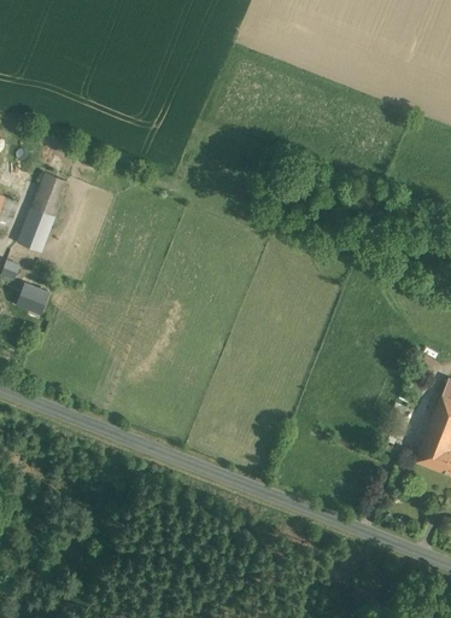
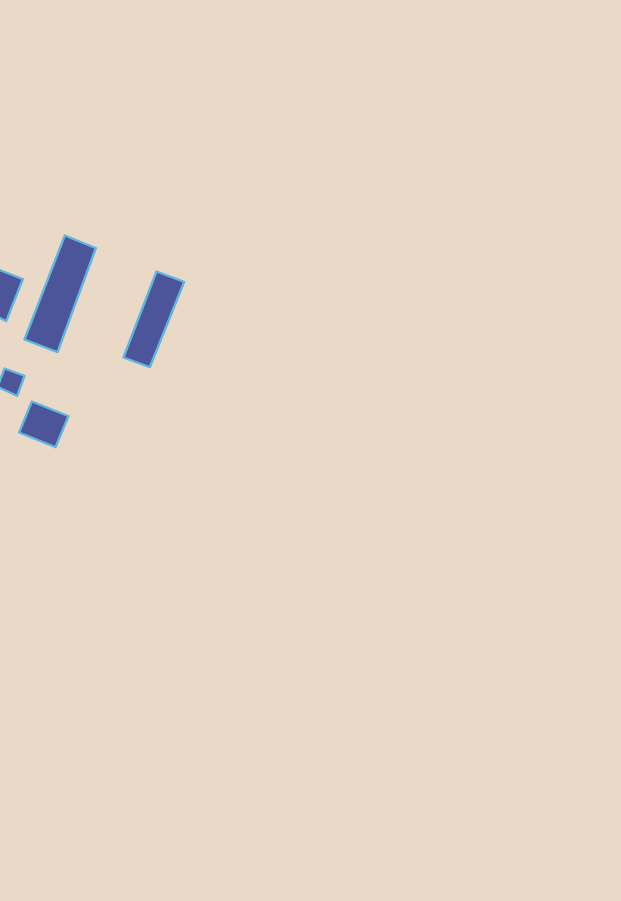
building: none -> [123,271,184,367]

